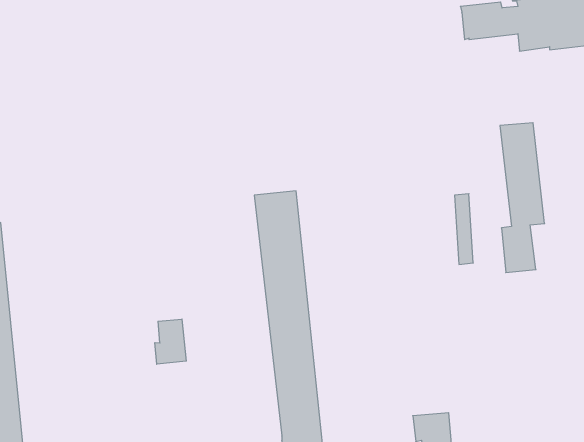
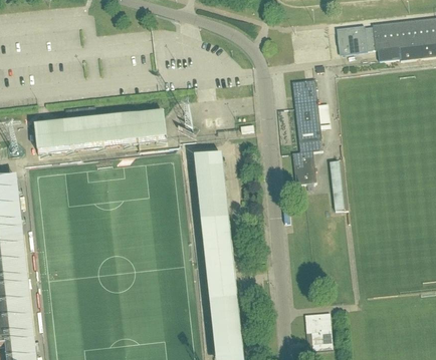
building: [500,123,545,273] -> [290,76,321,181]
building: none -> [32,110,166,154]
building: [155,319,186,364] -> none

